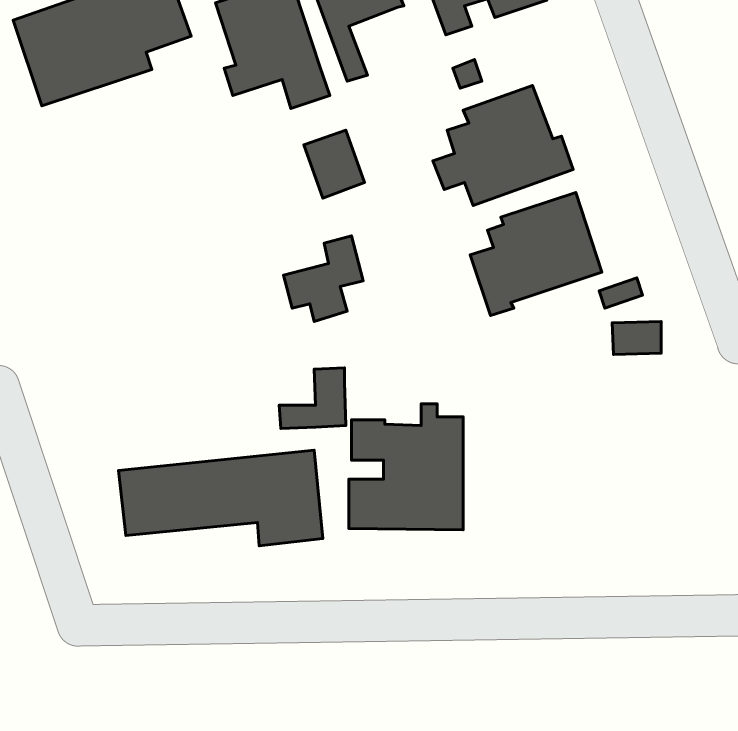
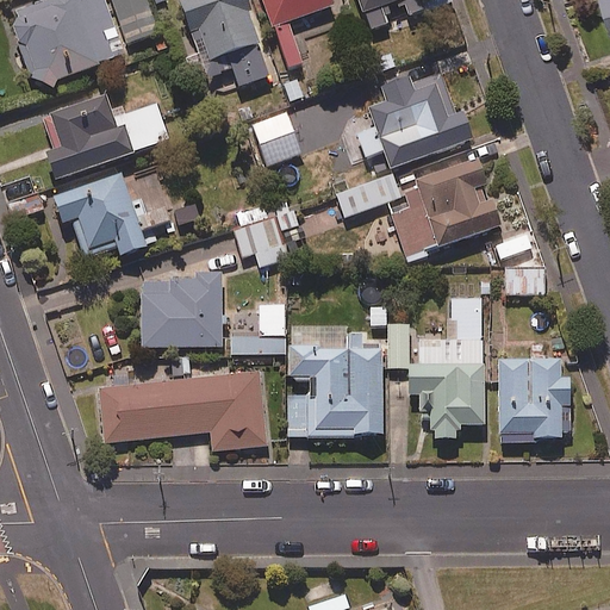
building: none -> [43,95,168,180]
building: none -> [51,173,173,257]
building: none -> [336,173,399,216]
building: none -> [141,268,223,347]
building: none -> [387,295,484,441]
building: none -> [498,341,575,441]

